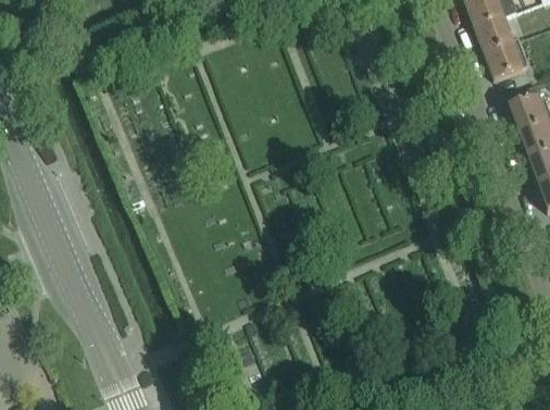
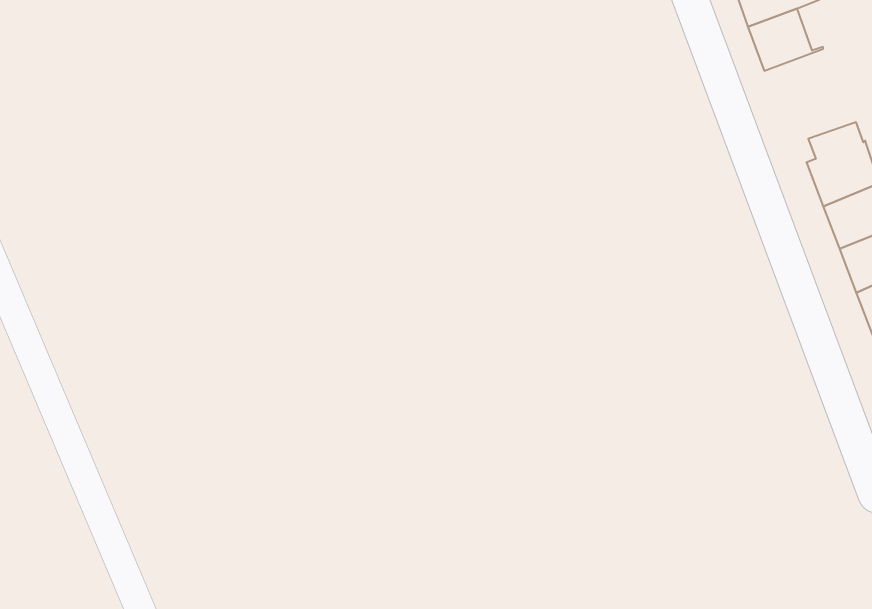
building: [484,42,528,80] -> none

